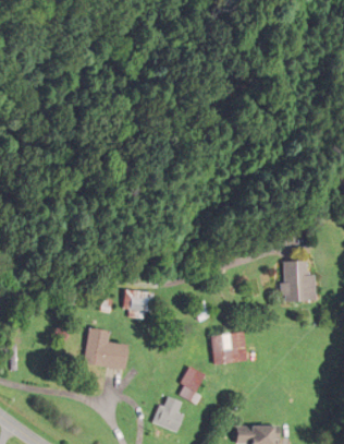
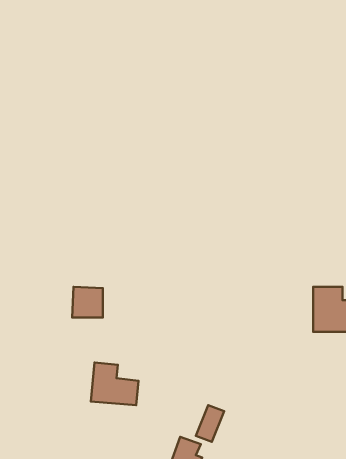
building: [124,290,151,317] -> [72,287,103,317]
building: [210,332,247,363] -> none

